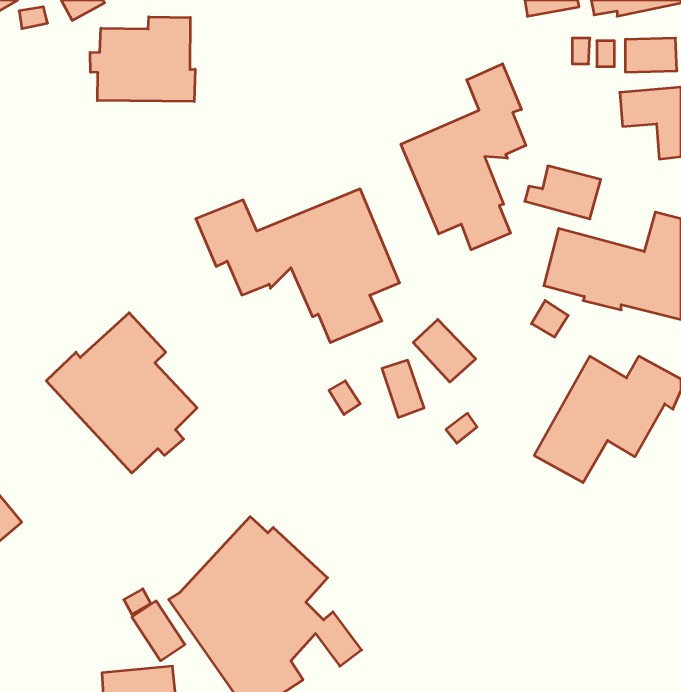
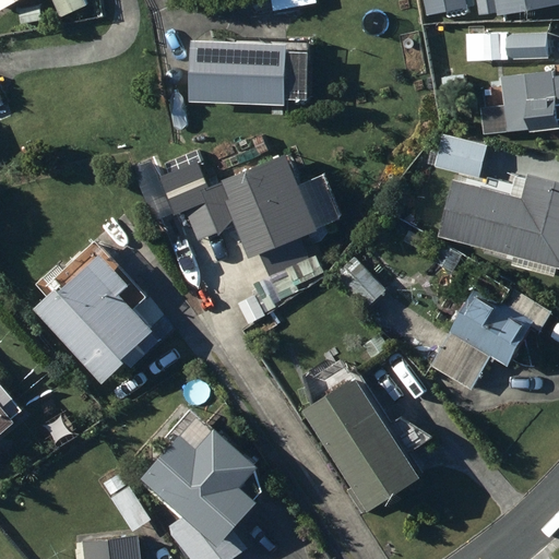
building: [90,17,195,102] -> none
building: none -> [188,40,310,103]
building: [401,64,526,250] -> none
building: none -> [307,377,425,513]

